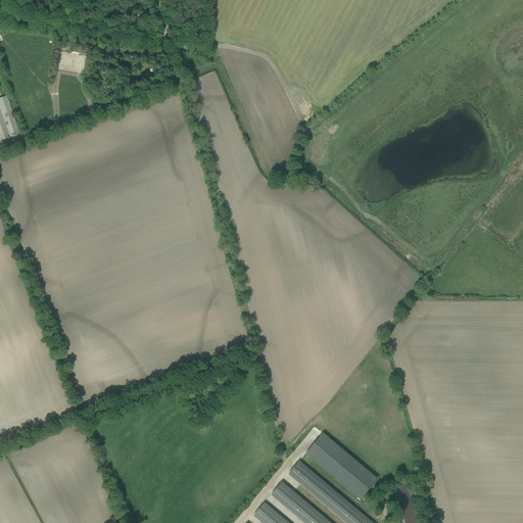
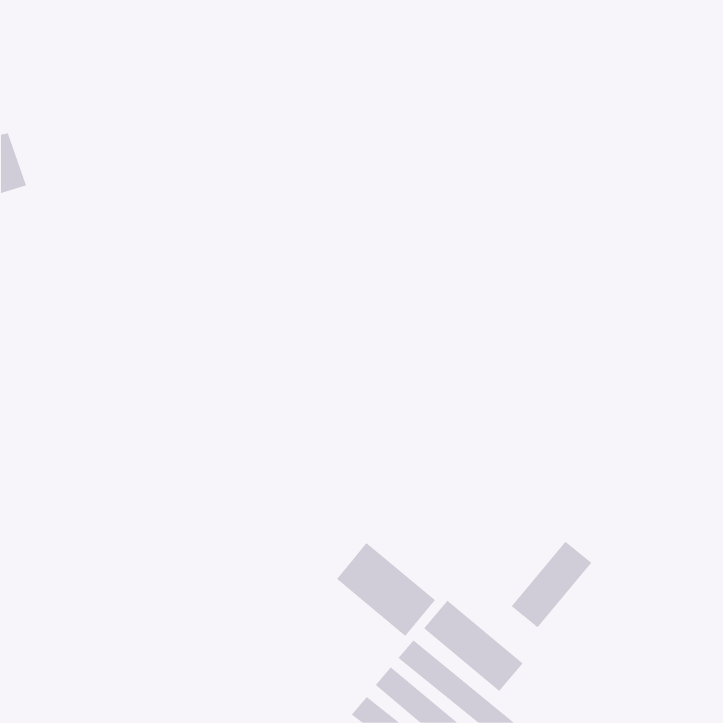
building: none -> [511,541,592,628]
building: none -> [336,542,436,637]

